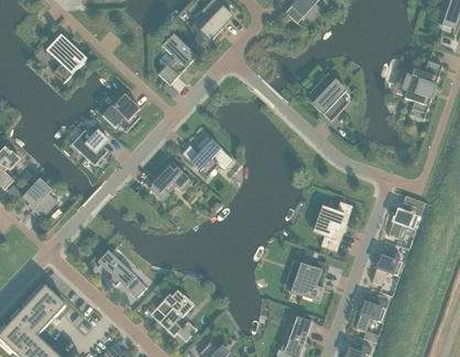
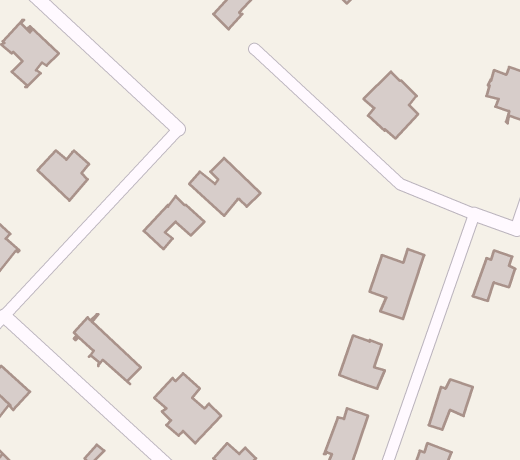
building: [158,35,195,83] -> none
building: [102,93,141,131] -> none
building: [372,247,402,285] -> none

